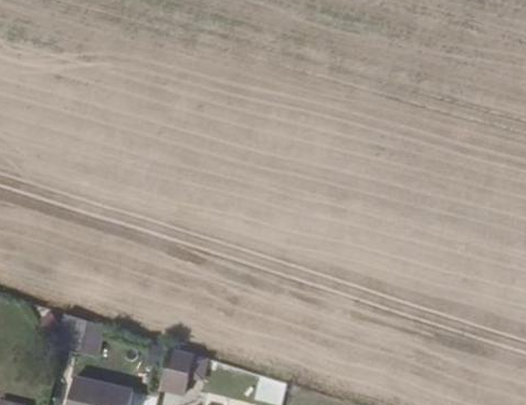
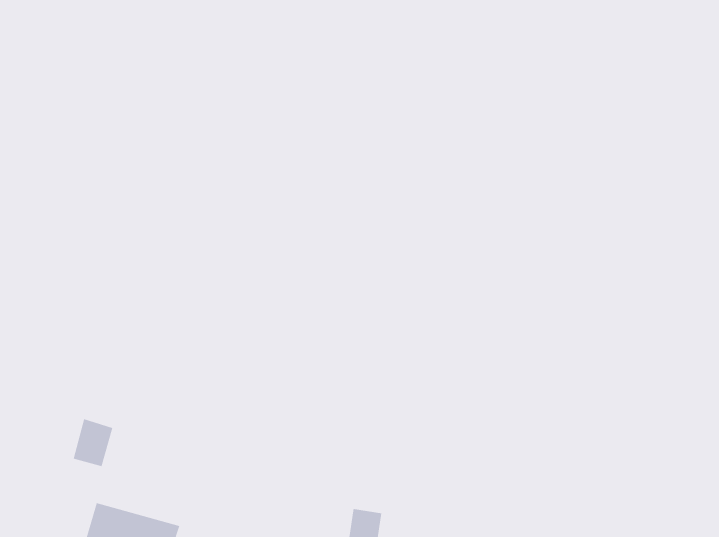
building: [158,351,193,392] -> none

